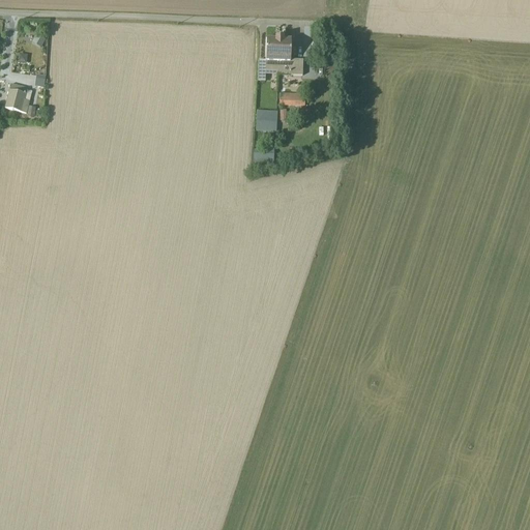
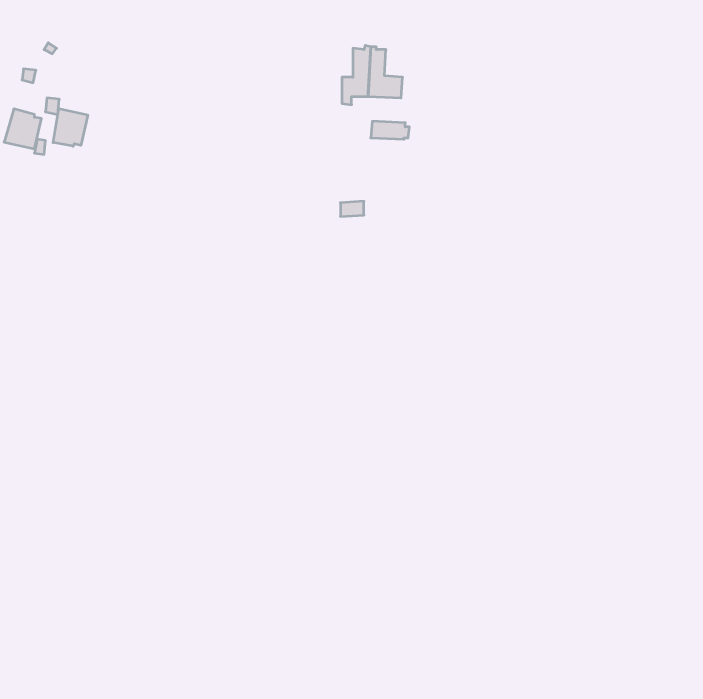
building: none -> [53,108,88,146]
building: [256,109,276,130] -> none

